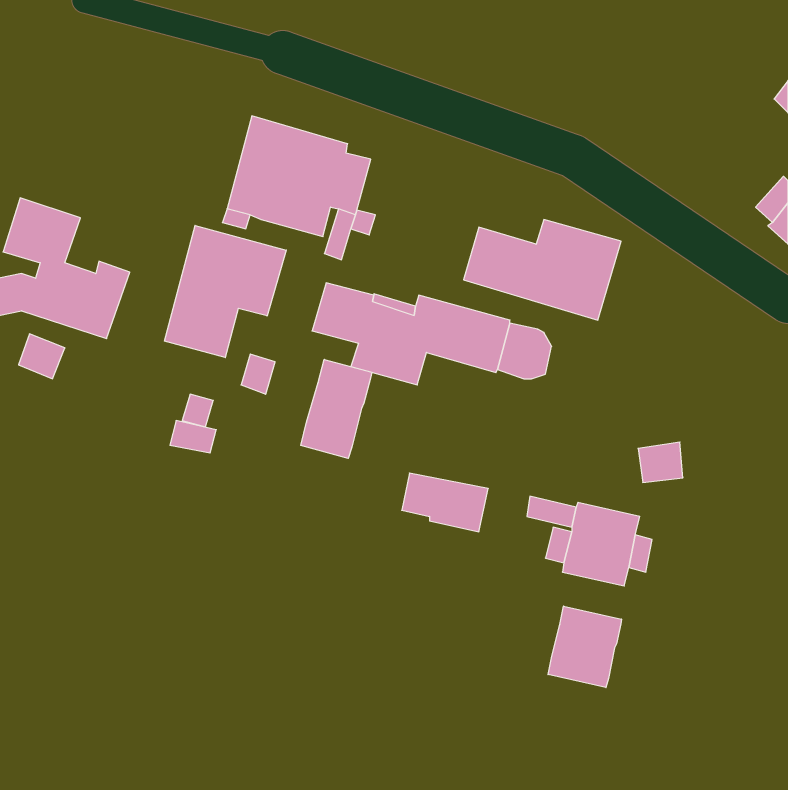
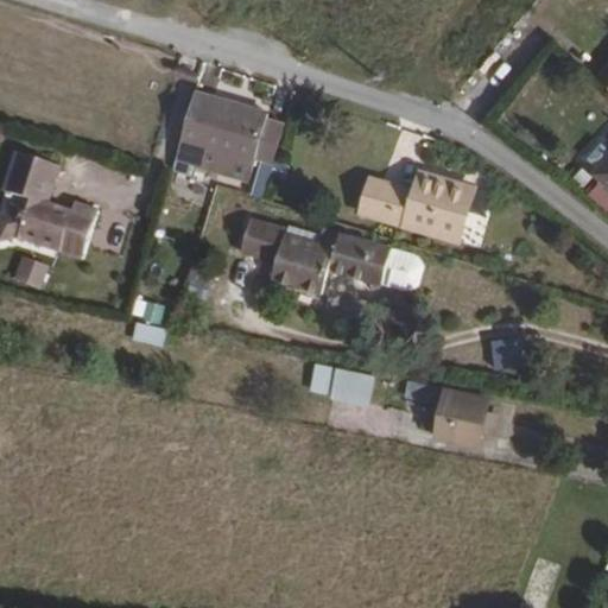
building: [164,225,286,358] -> none
building: [301,359,372,458] -> none
building: [548,606,621,688] -> none

